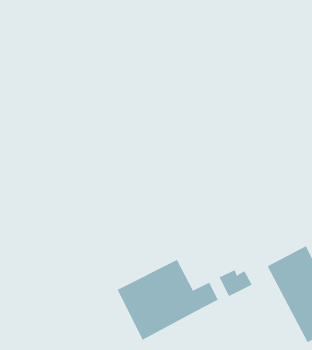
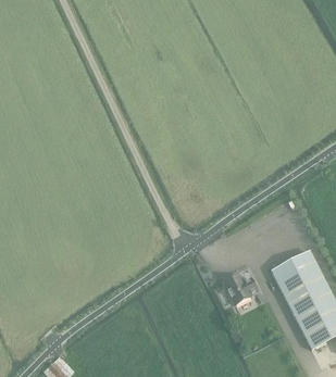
building: [117,259,219,340] -> none

